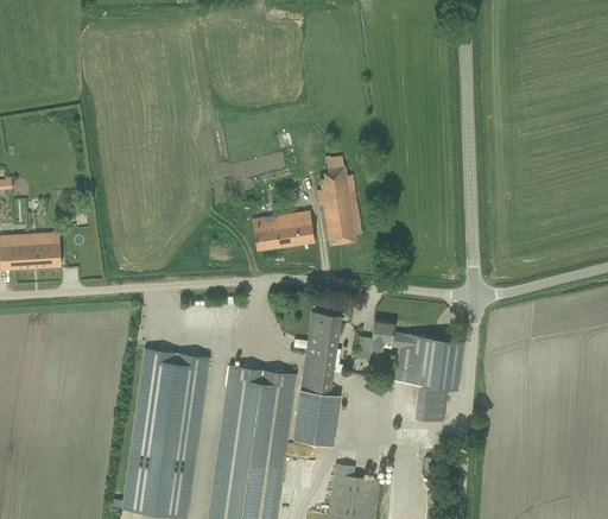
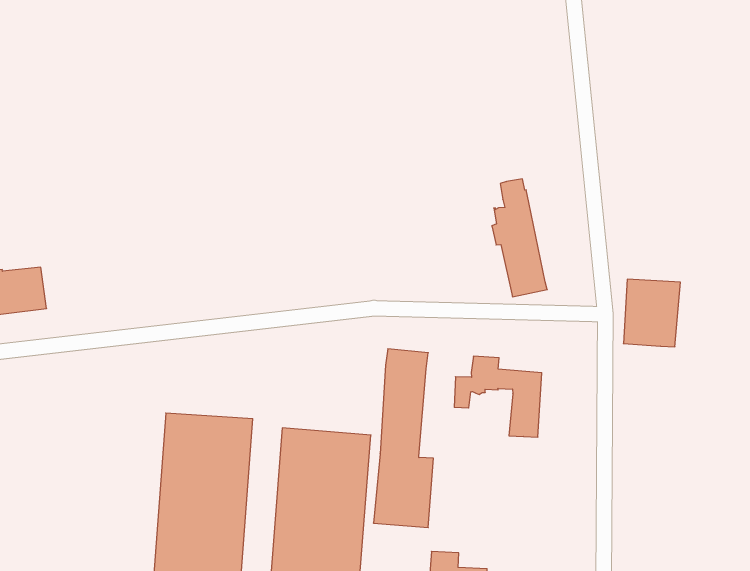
building: [318,157,356,243] -> [492,179,547,297]
building: [253,211,315,249] -> none
building: [419,336,464,388] -> [623,279,680,347]

